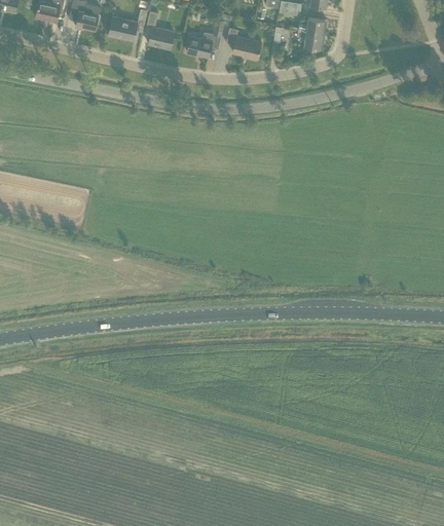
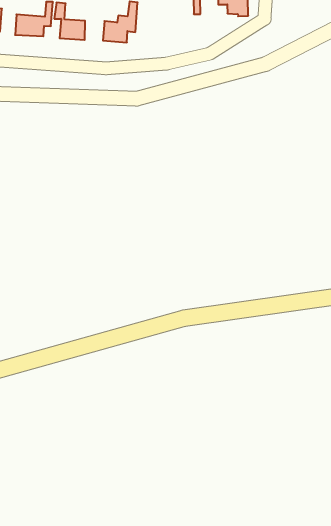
building: [226,27,261,59] -> none

